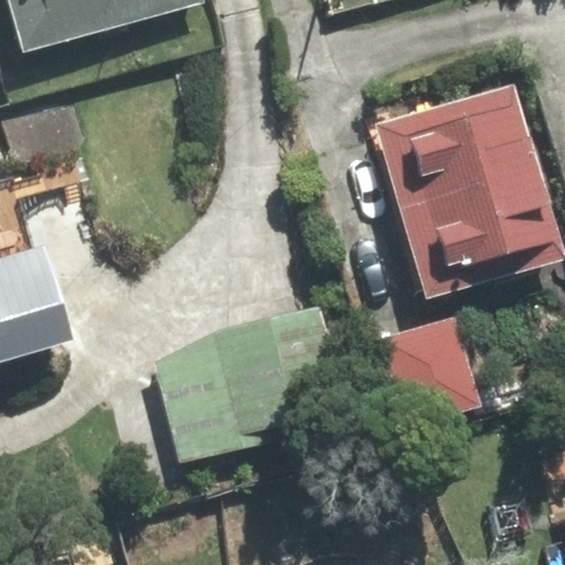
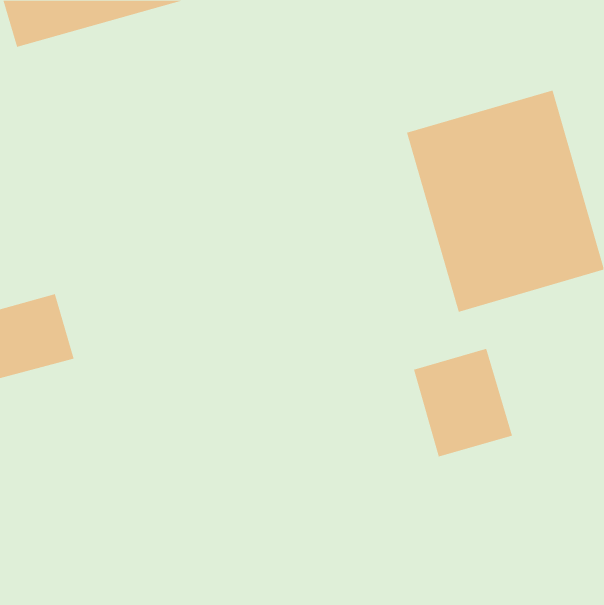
building: [154,330,345,468] -> none

